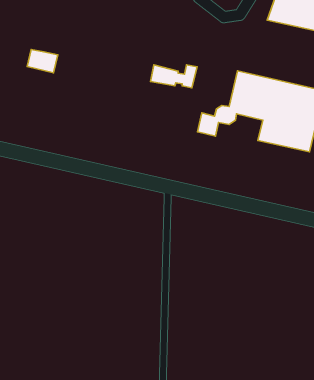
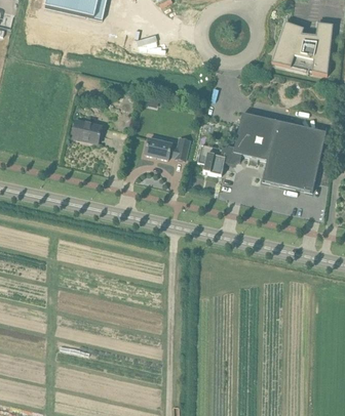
building: [27,50,58,73] -> [72,119,102,141]
building: [151,65,197,88] -> [145,136,190,159]

